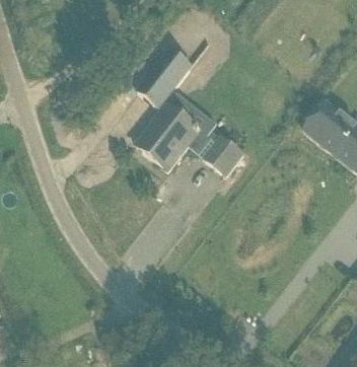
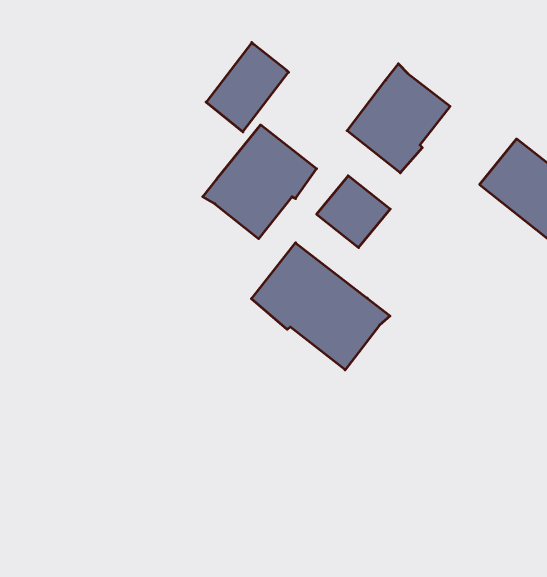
building: none -> [347,64,450,173]
building: none -> [251,243,390,370]

